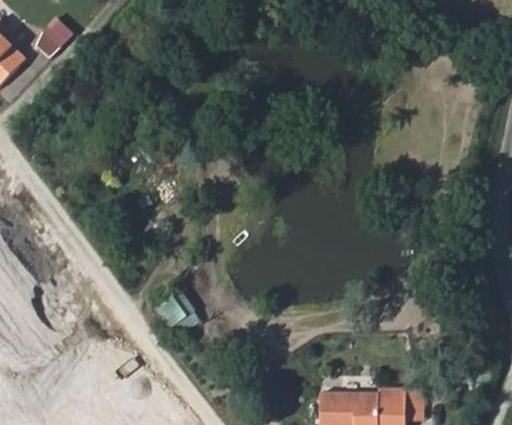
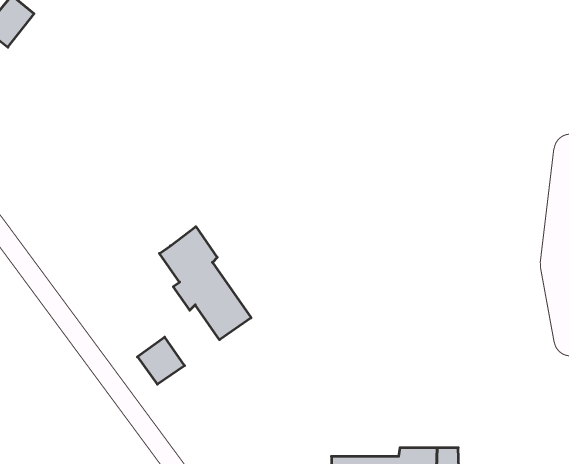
building: none -> [159,227,251,340]

